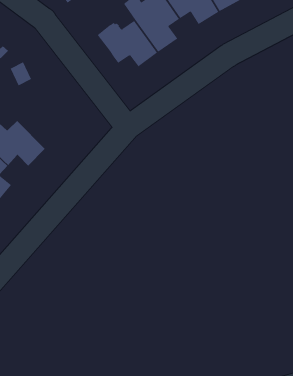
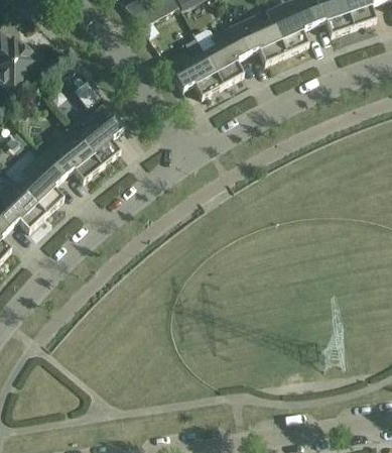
building: none -> [78,103,124,167]

